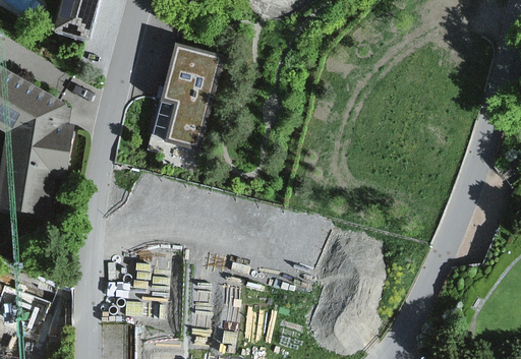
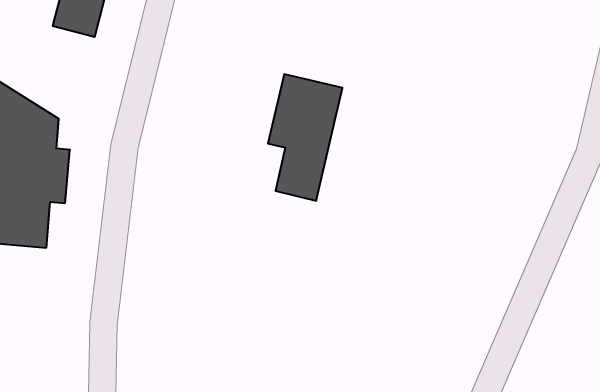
building: [163,41,224,144] -> [268,74,342,201]

